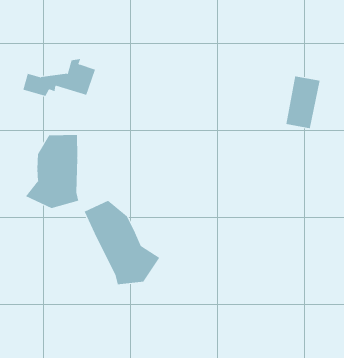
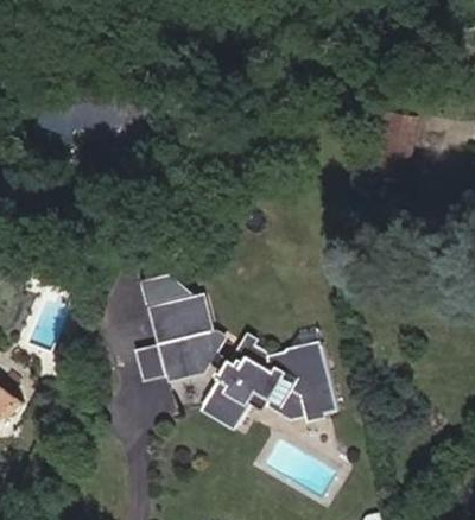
building: [25,134,79,209] -> none
building: none -> [210,342,335,427]

